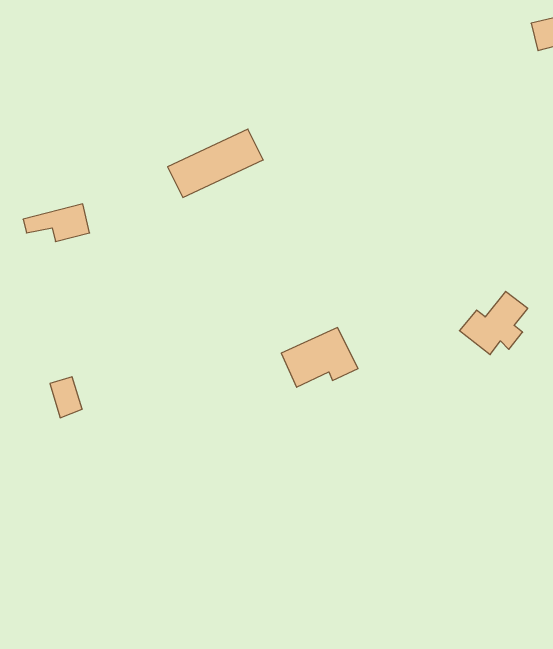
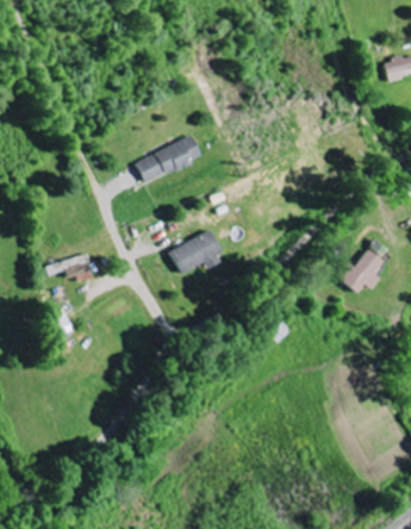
building: [23,204,90,242] -> [48,255,94,281]
building: [281,328,358,387] -> [169,232,223,274]

